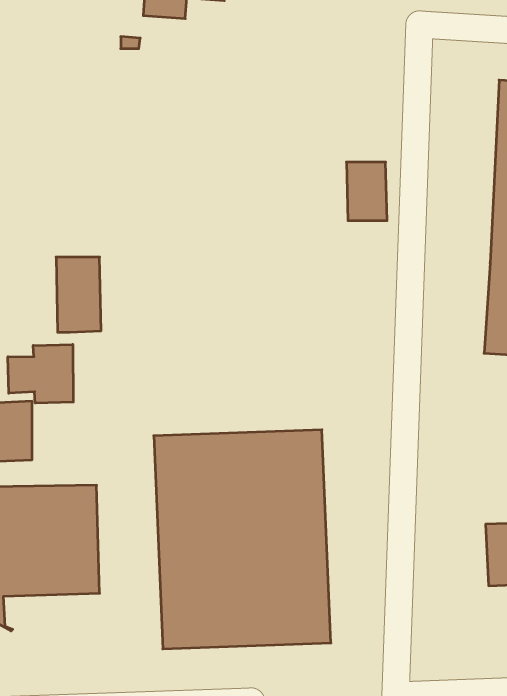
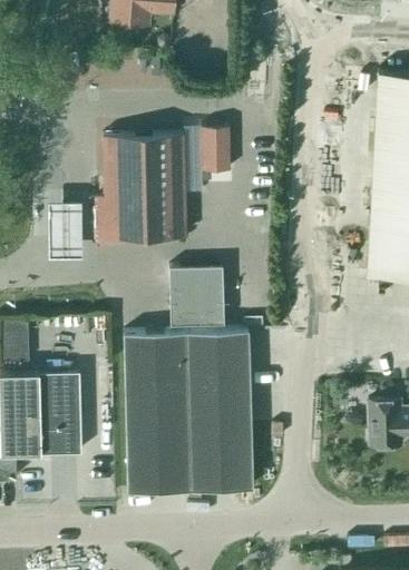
building: [346,162,387,221] -> [201,129,231,173]
building: none -> [96,136,186,245]
building: none -> [169,268,224,327]
building: [8,344,73,403] -> none

